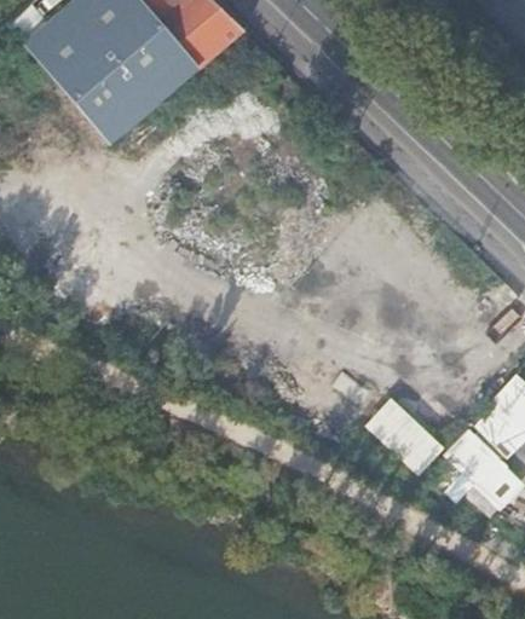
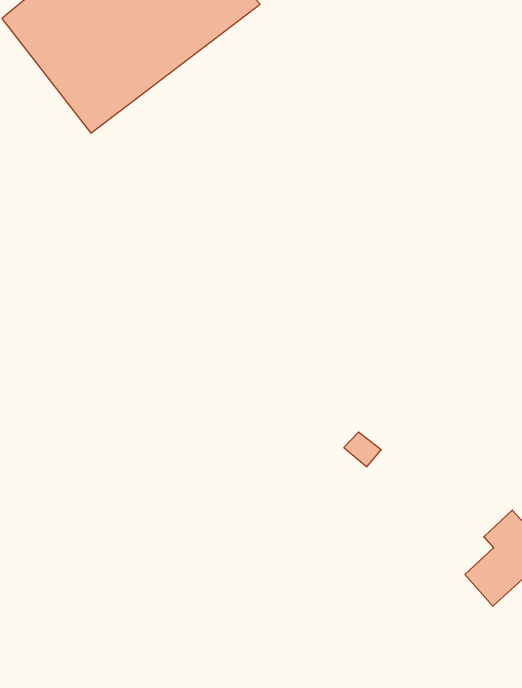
building: [363,395,445,476] -> none

